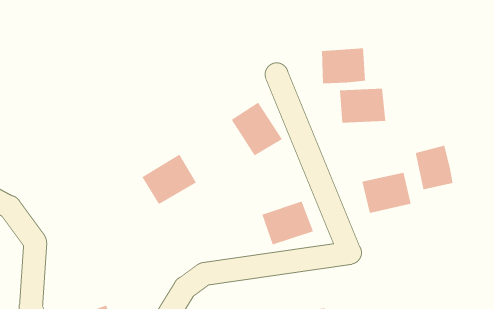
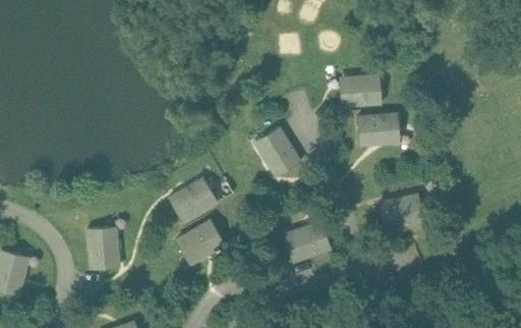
building: [415,145,453,190] -> none
building: none -> [174,218,225,266]
building: none -> [85,225,120,270]

